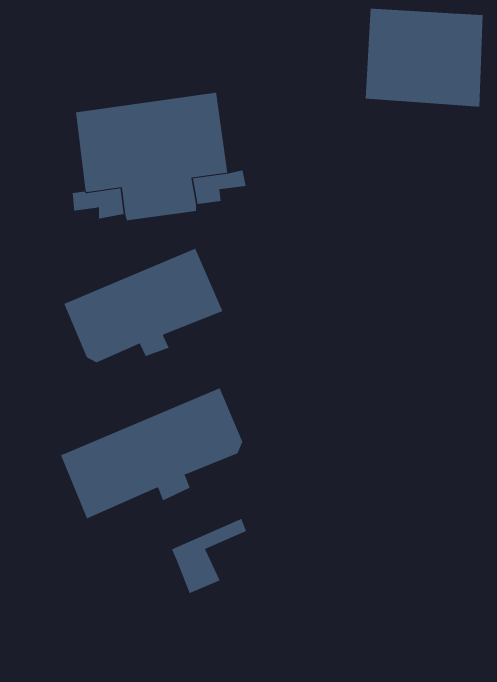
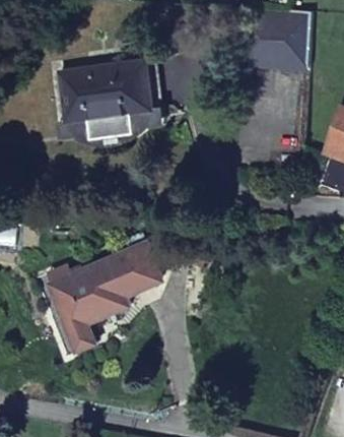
building: [63,248,223,363] -> none
building: [171,518,247,594] -> [64,304,111,351]

